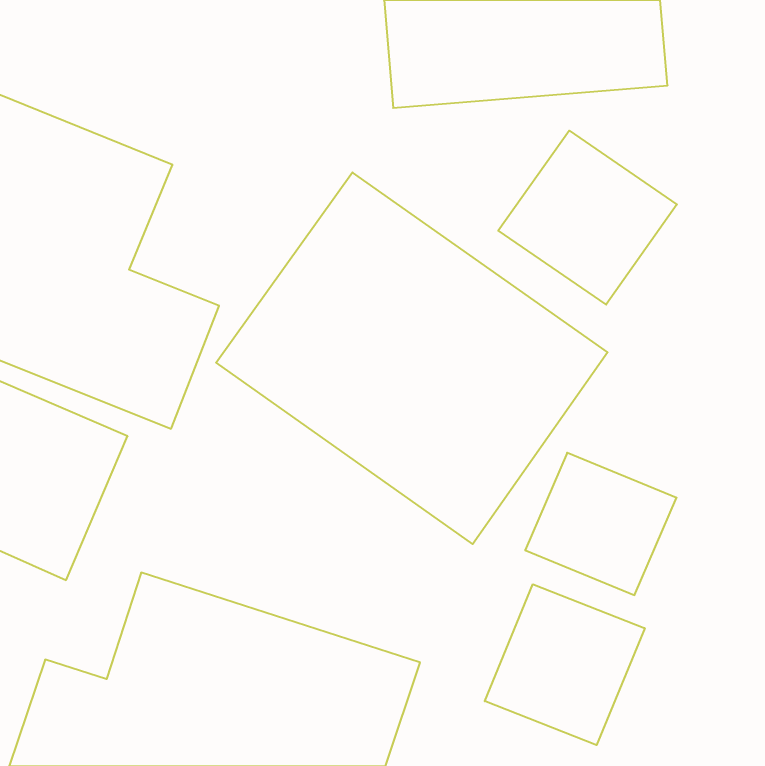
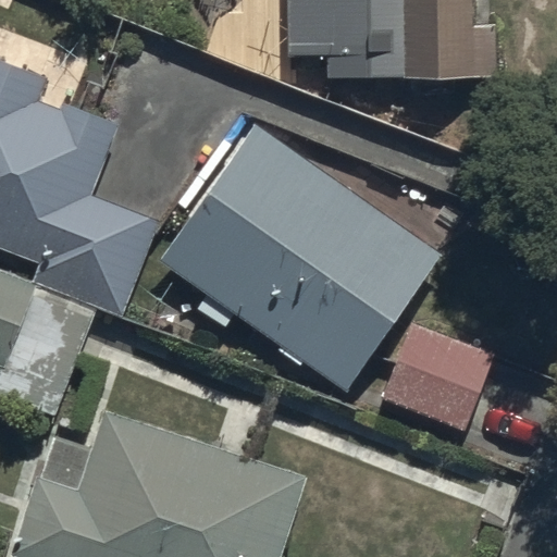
building: [498,131,677,305] -> none
building: [485,584,645,745] -> none

